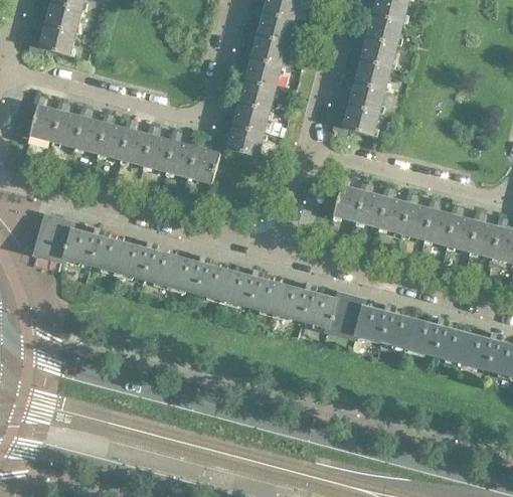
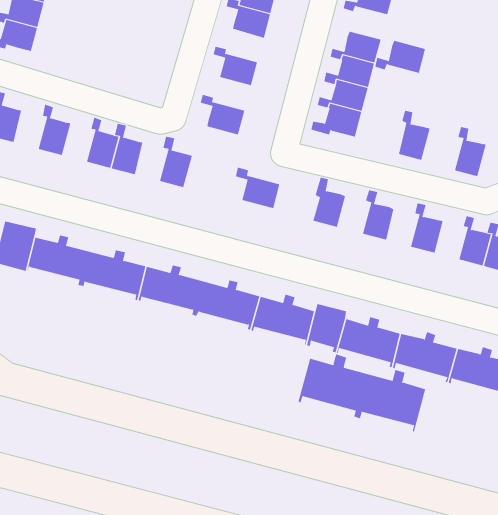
building: [355,14,403,45] -> [374,40,426,73]
building: [245,28,288,66] -> none
building: [233,73,276,112] -> none
building: [53,100,83,148] -> none
building: [99,112,129,160] -> none
building: [221,119,264,158] -> [235,167,280,209]
building: [167,130,197,178] -> none
building: [356,180,387,227] -> none
building: [402,192,433,239] -> [398,110,430,161]
building: [448,204,478,252] -> [454,126,486,177]
building: none -> [298,354,426,433]

